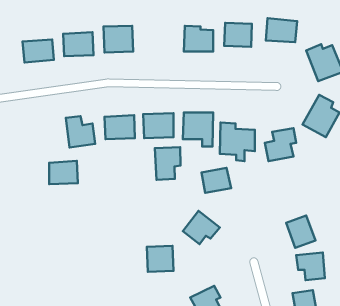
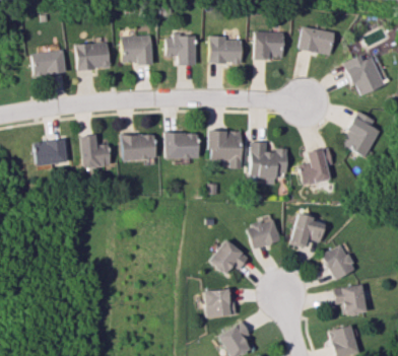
building: none -> [167,35,197,65]
building: [155,147,180,180] -> none
building: [49,161,78,184] -> [35,140,66,165]
building: [202,168,231,193] -> [247,220,279,247]
building: none -> [290,214,325,247]
building: [147,246,174,272] -> [204,289,234,317]

